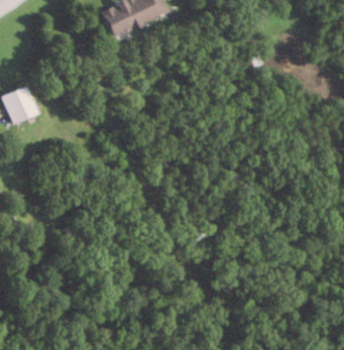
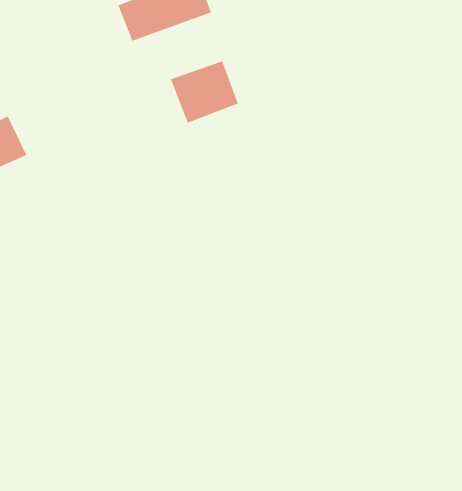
building: none -> [170,61,238,123]

